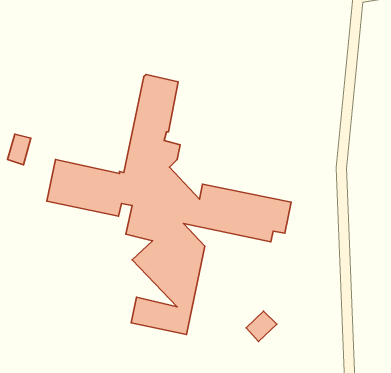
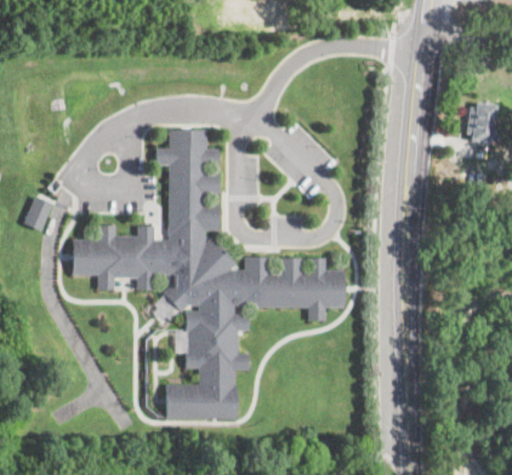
building: [246,311,277,341] -> none

